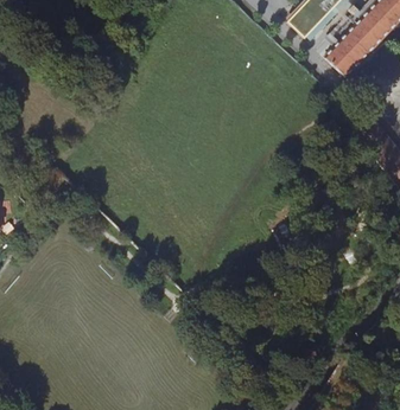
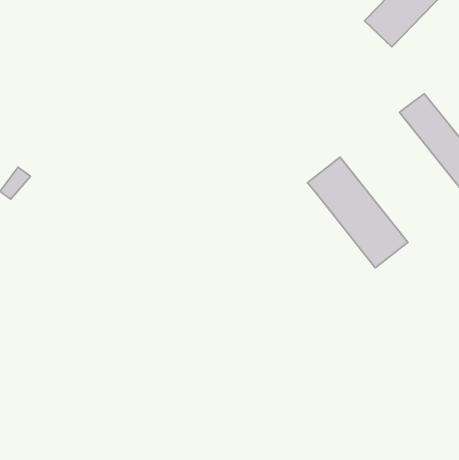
building: none -> [307,157,408,268]

